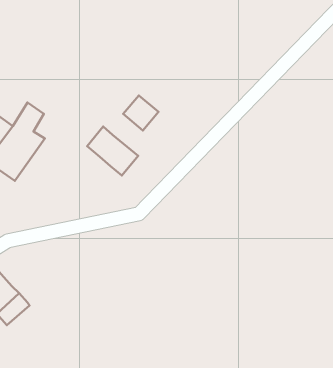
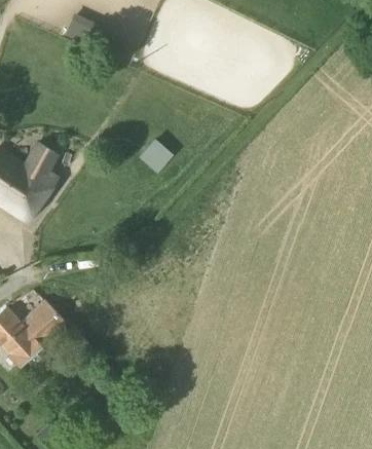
building: [87,127,138,176] -> none
building: none -> [27,304,67,342]

